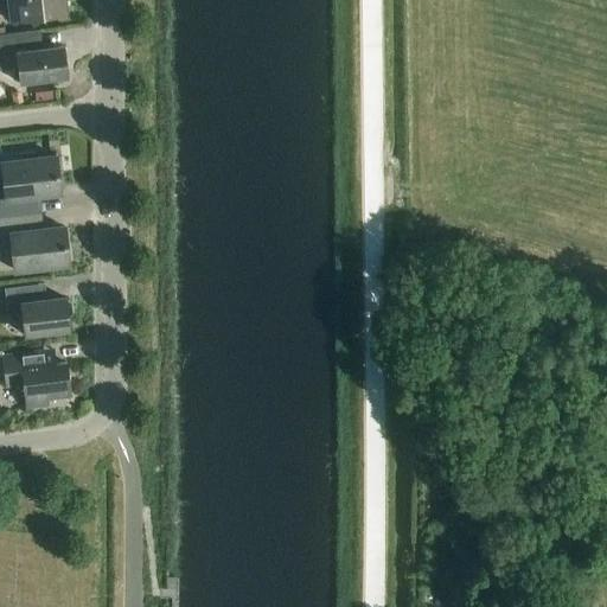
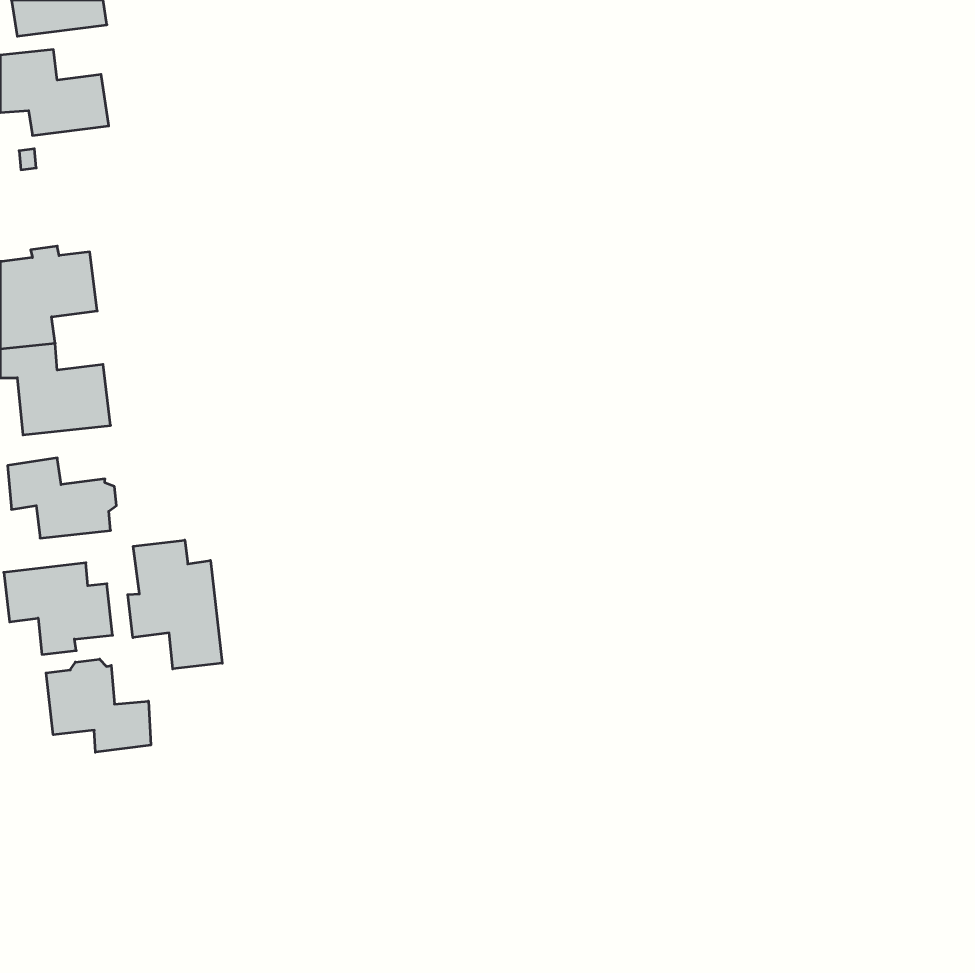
building: none -> [128,540,222,669]
building: none -> [46,659,151,752]

